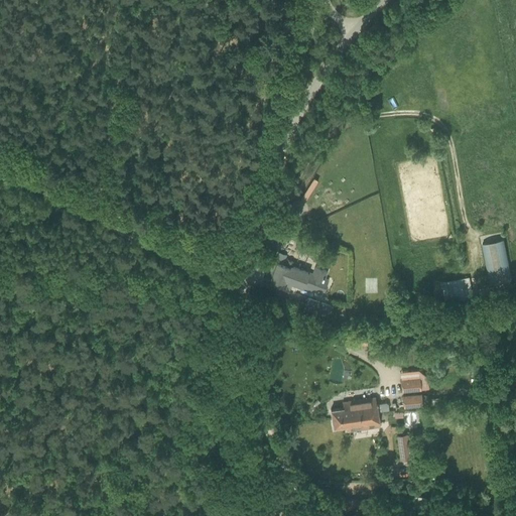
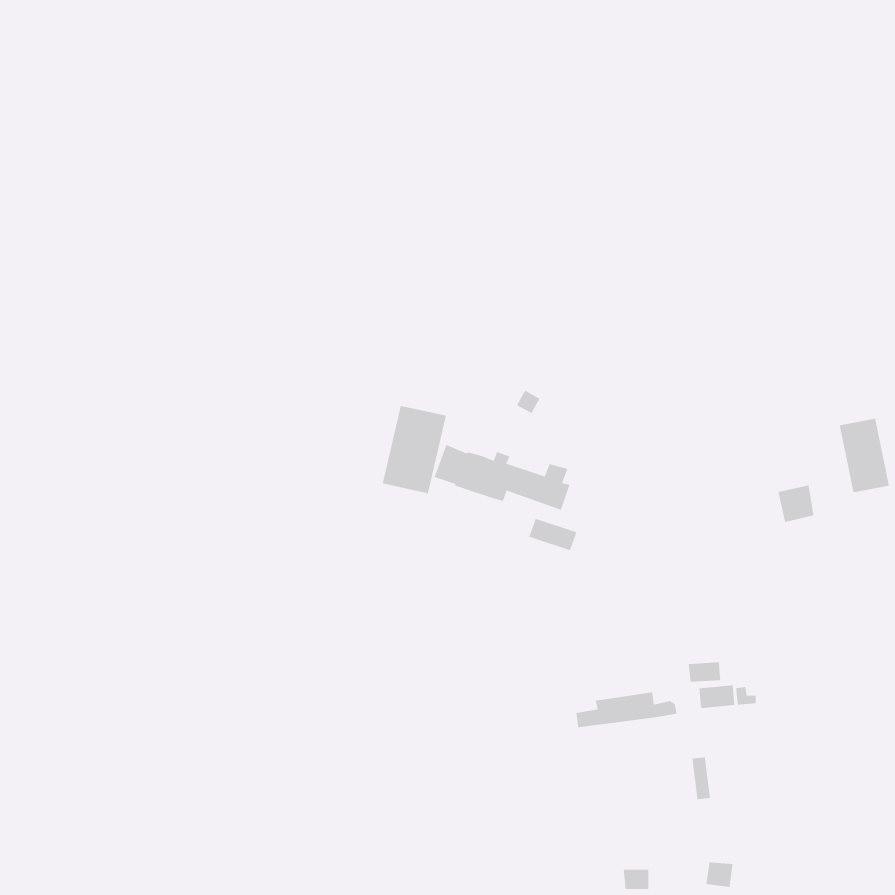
building: none -> [382,405,447,494]
building: [333,413,380,432] -> none

